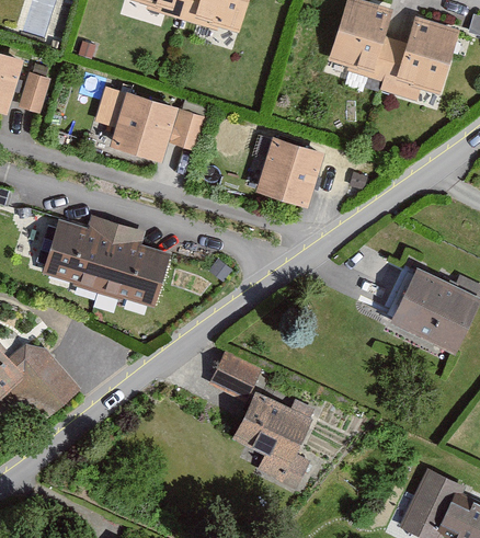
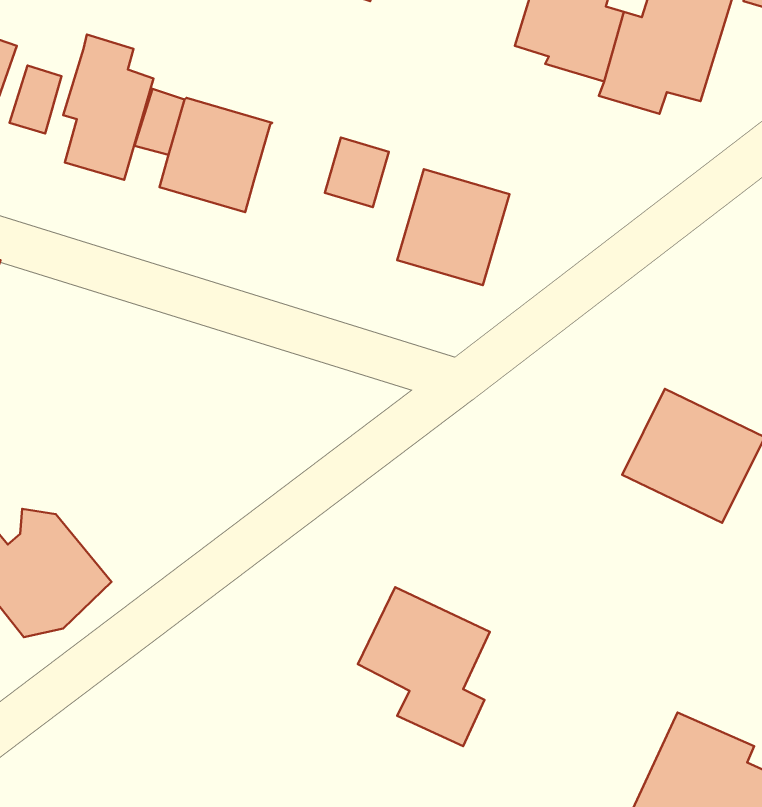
building: none -> [63,35,153,180]
building: [168,107,207,150] -> [325,138,389,207]
building: [45,217,173,310] -> none
building: [208,350,262,402] -> none

